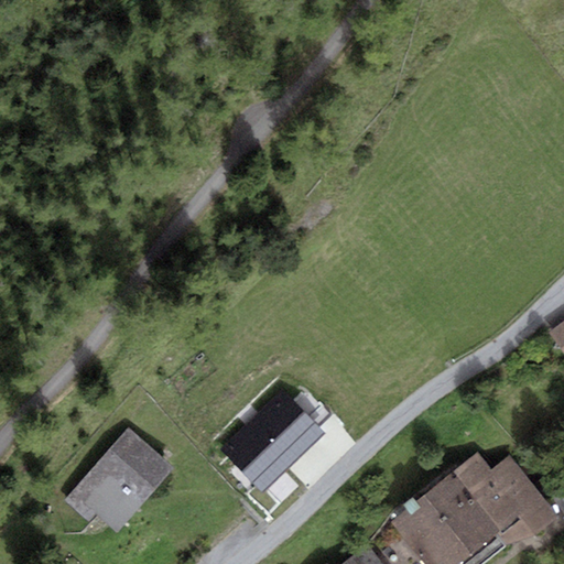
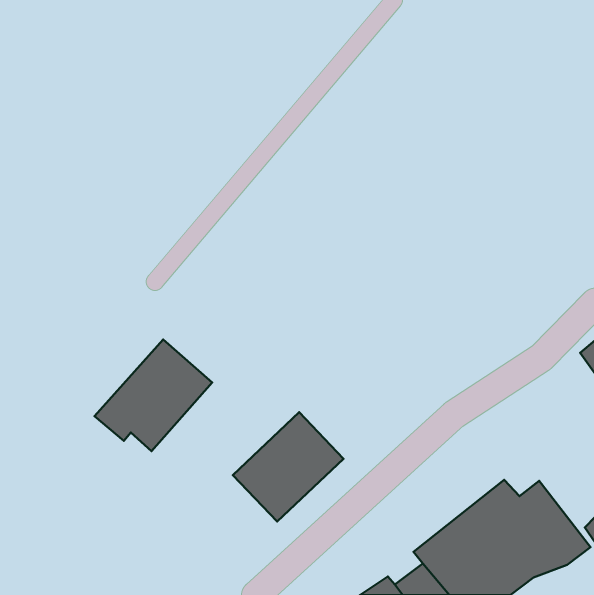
building: [64,427,175,533] -> [95,339,212,451]

